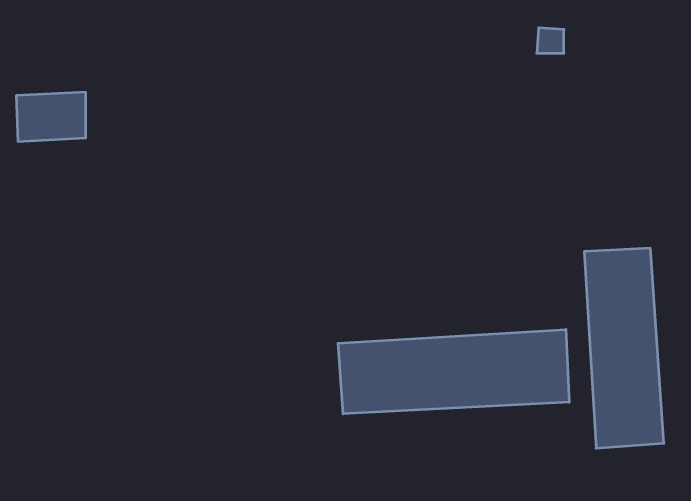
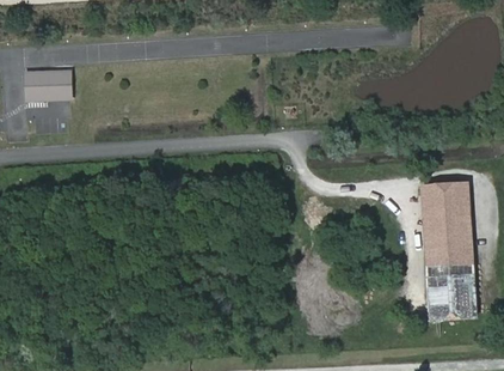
building: [338,329,569,414] -> none

